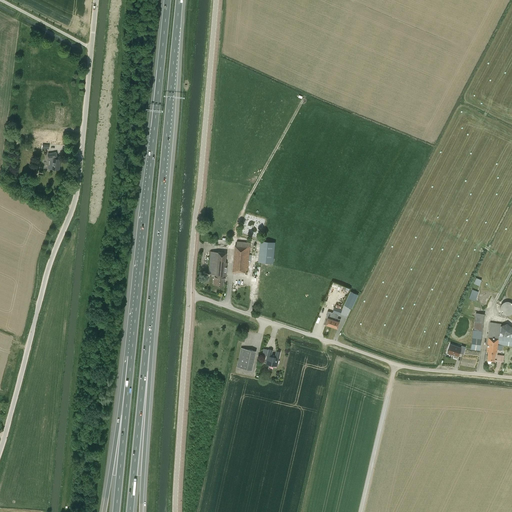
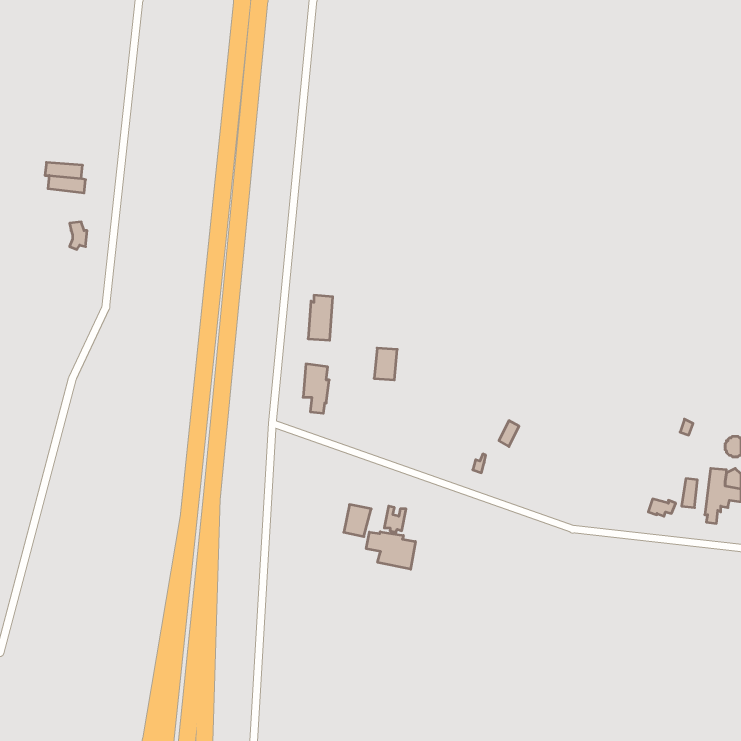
building: [233,241,250,272] -> [308,295,333,340]
building: none -> [366,532,415,569]

